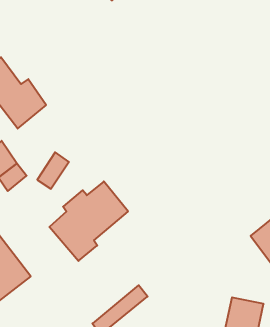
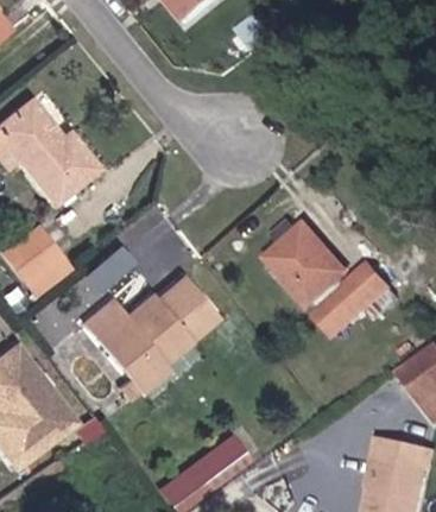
building: none -> [261,214,348,305]
building: none -> [318,265,387,336]
building: none -> [77,297,127,349]

